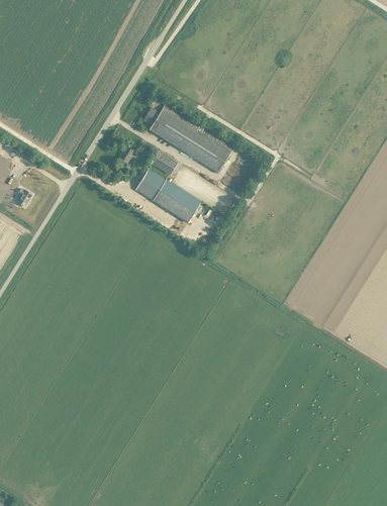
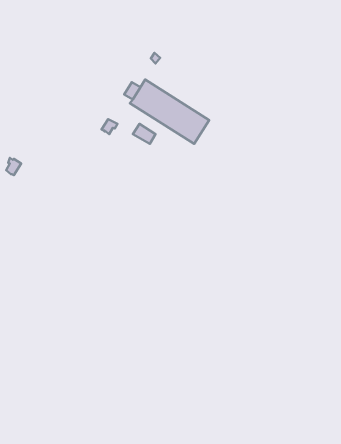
building: [134,170,200,223] -> none

